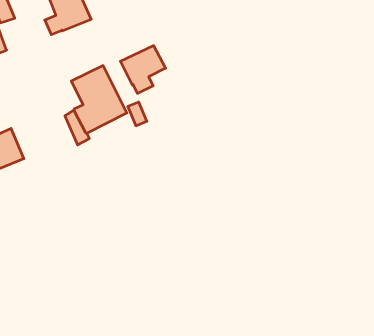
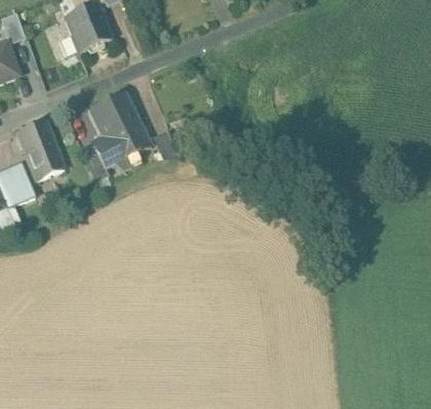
building: [120,46,166,93] -> none
building: none -> [16,120,64,178]

